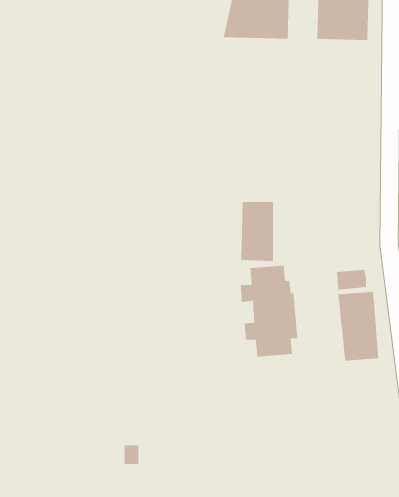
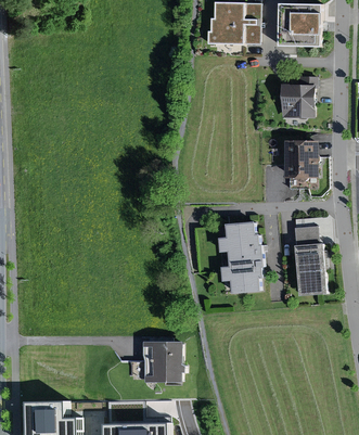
building: none -> [281,75,318,116]
building: [240,201,274,261] -> [286,143,312,190]
building: none -> [144,342,183,381]

